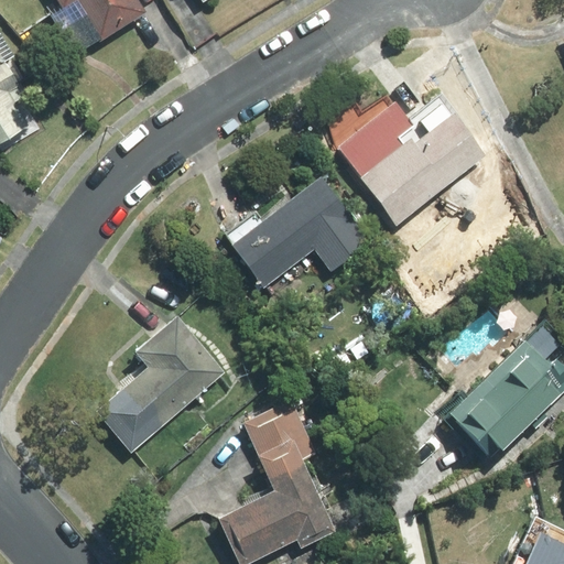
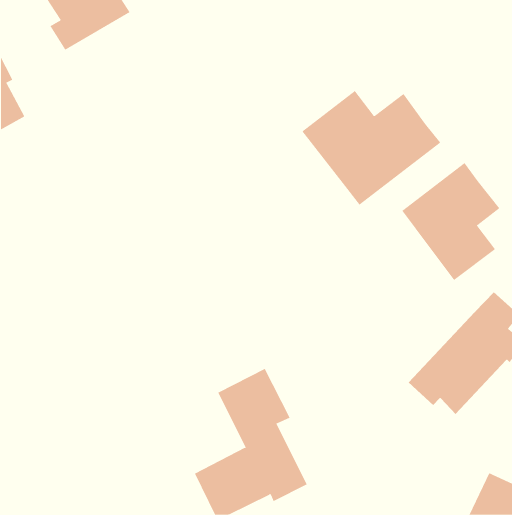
building: [228,175,371,291] -> none
building: none -> [401,162,500,281]
building: [96,315,226,452] -> none

